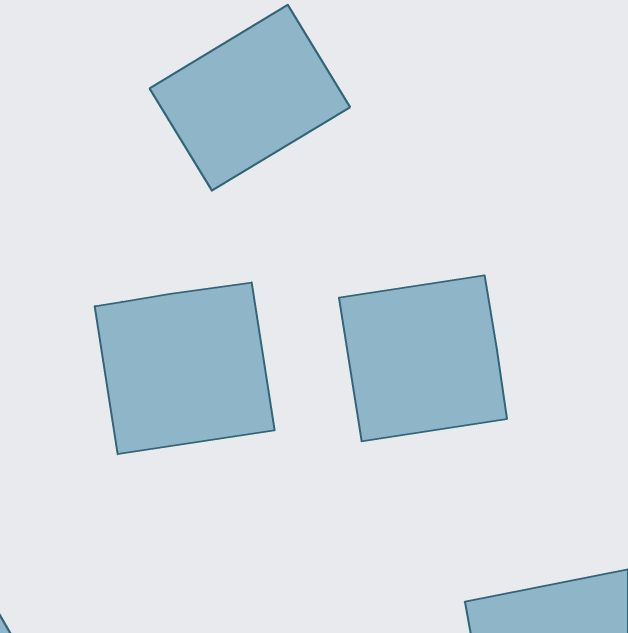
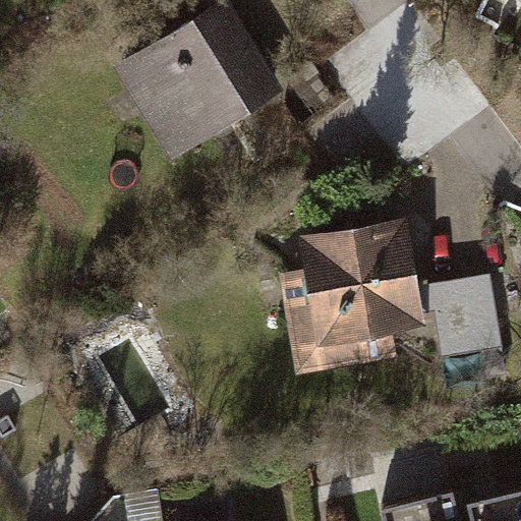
building: [95,282,274,454] -> none
building: none -> [406,278,486,360]

